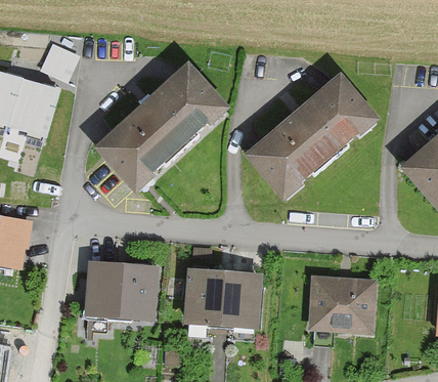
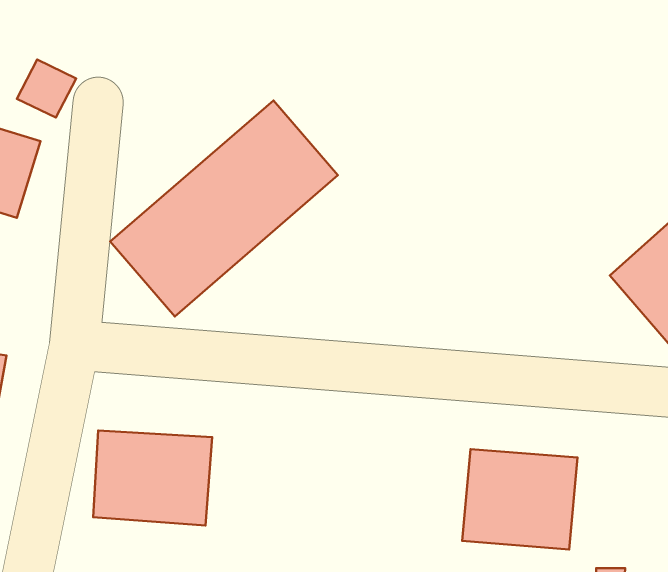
building: [238,74,375,203] -> none
building: [188,272,262,330] -> none

